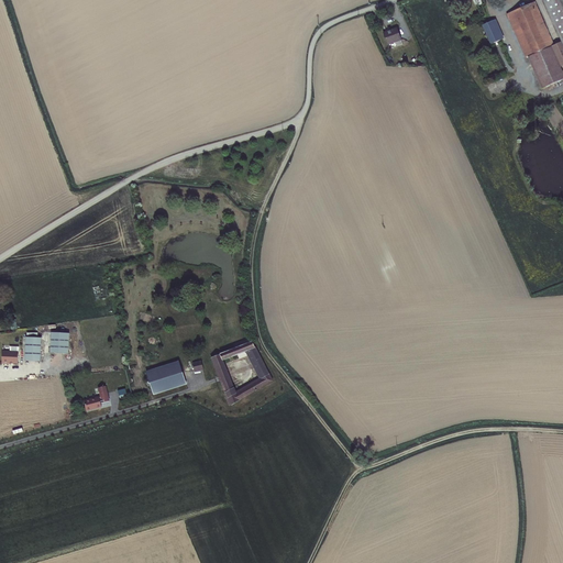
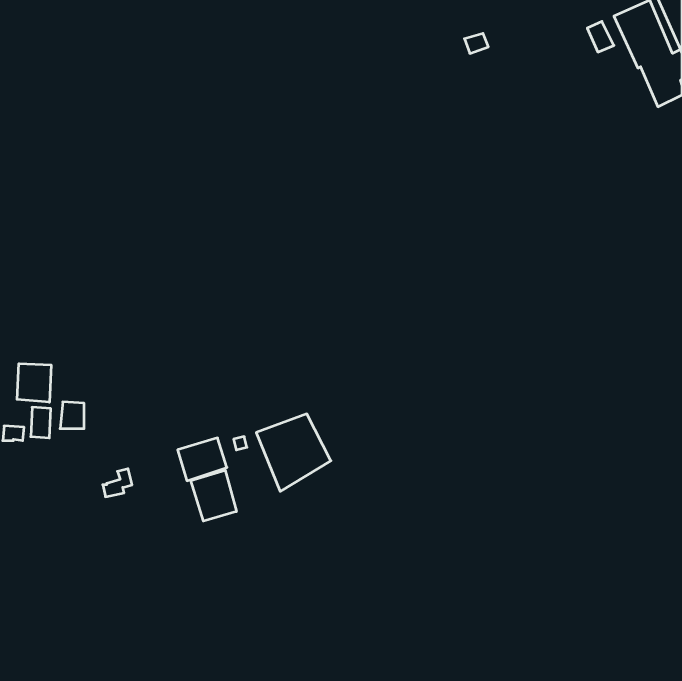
building: none -> [17,364,51,402]
building: none -> [191,470,236,521]

